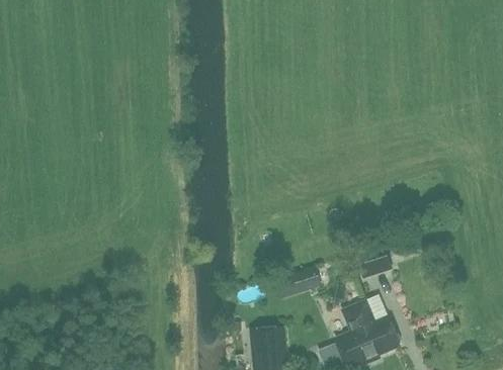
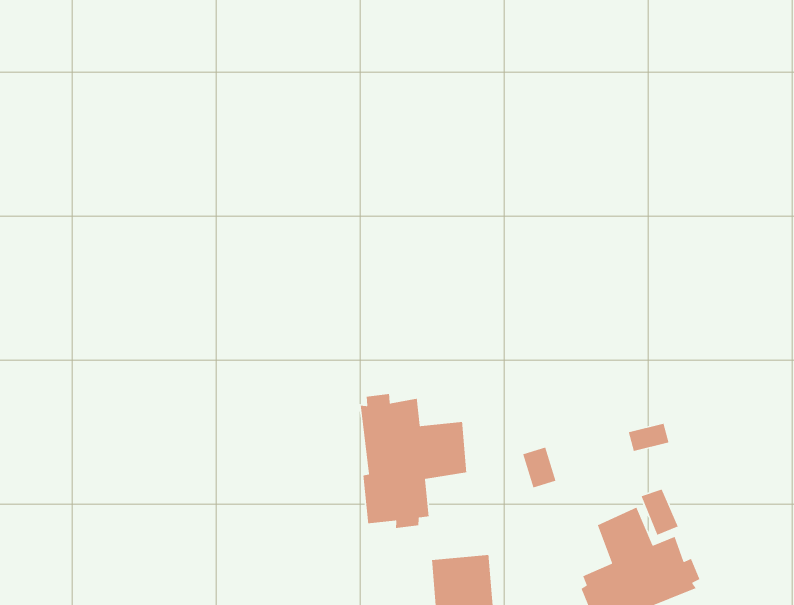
building: none -> [360,393,467,529]

